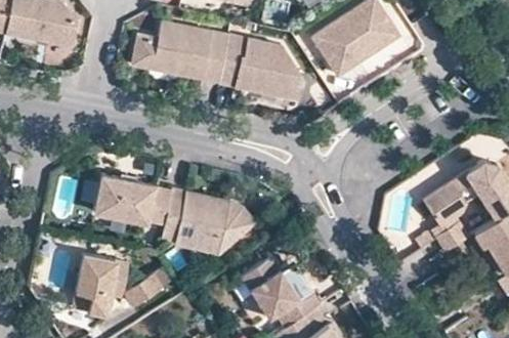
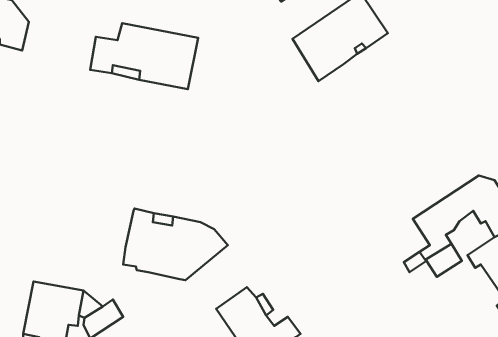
building: [220,36,304,96] -> none
building: [96,175,171,224] -> none

